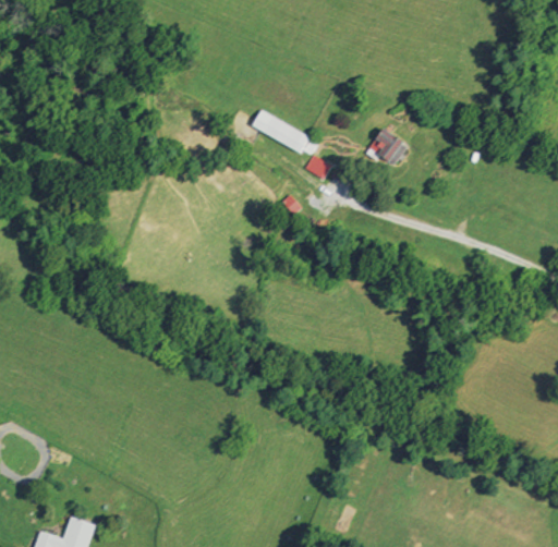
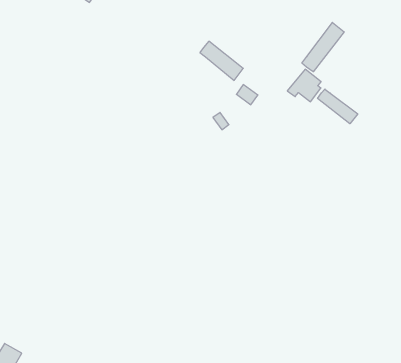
building: none -> [302,22,344,72]
building: none -> [318,89,358,124]

